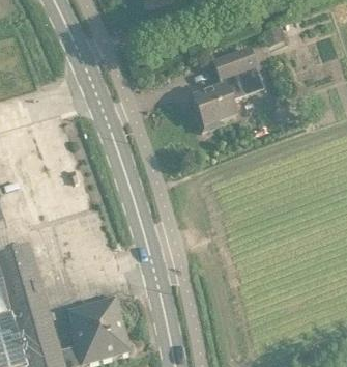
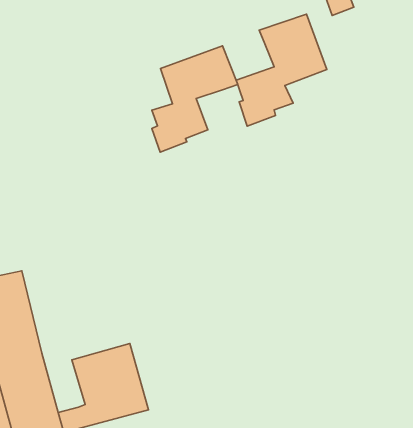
building: none -> [152,46,238,152]

